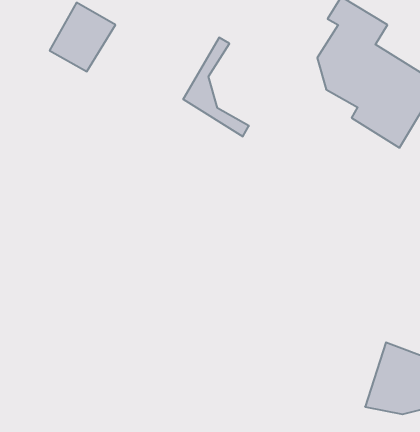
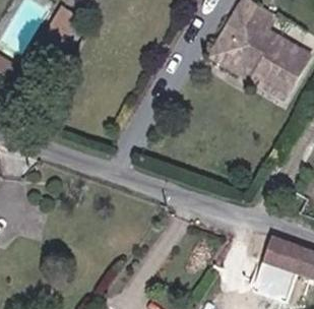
building: [183,38,249,136] -> [209,14,254,81]

